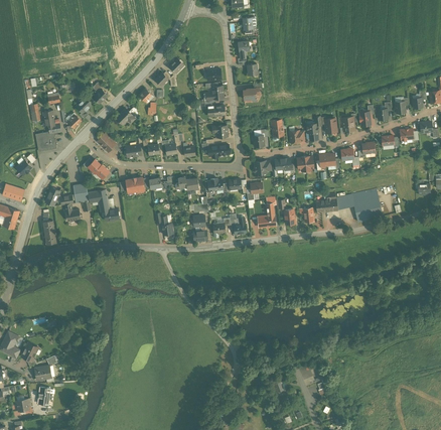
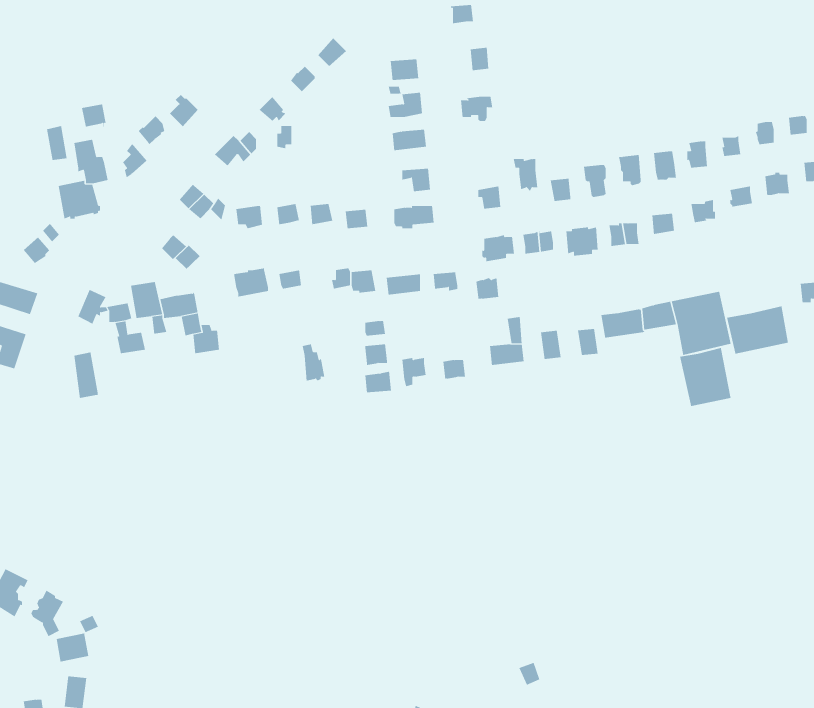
building: none -> [726,305,789,354]
building: none -> [680,347,731,407]

